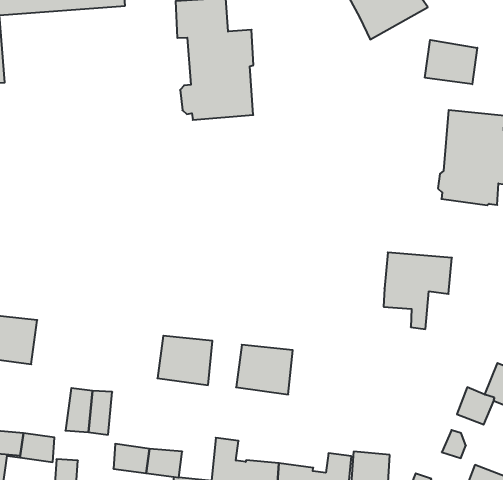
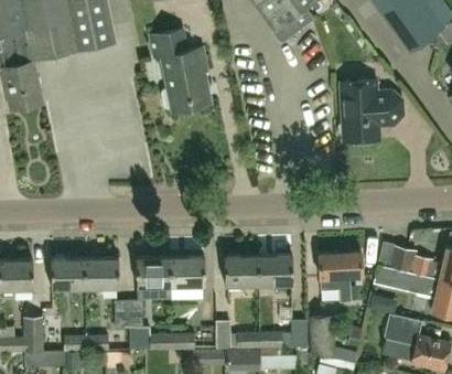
building: [425,40,477,84] -> none
building: [384,252,452,329] -> [319,252,363,301]
building: none -> [86,258,119,288]
building: none -> [137,257,171,287]
building: none -> [258,255,293,285]

